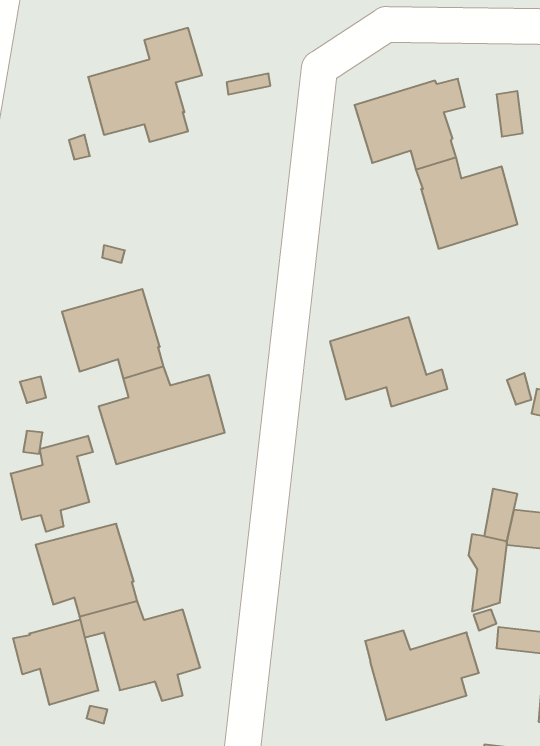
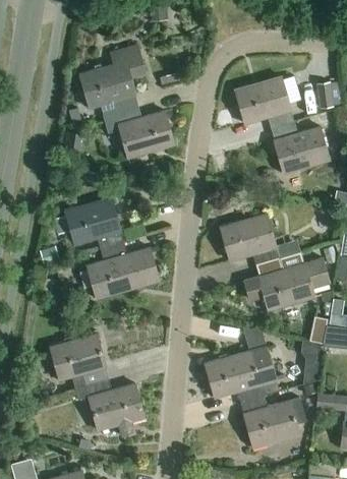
building: none -> [103,106,174,158]
building: none -> [244,252,330,311]
building: [11,436,93,532] -> none
building: none -> [205,346,276,402]
building: [13,620,98,705] -> none

